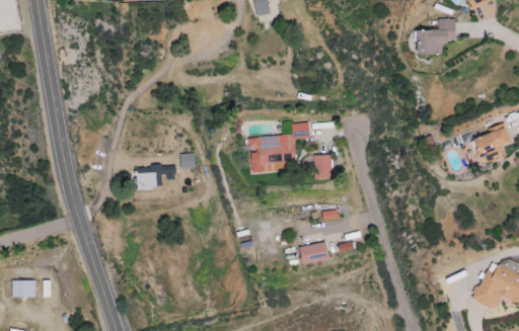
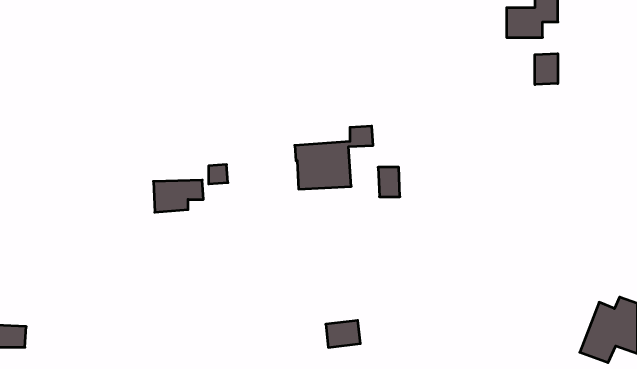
building: none -> [535,54,558,85]
building: [473,122,511,165] -> none
building: [300,243,327,264] -> [326,320,360,347]

